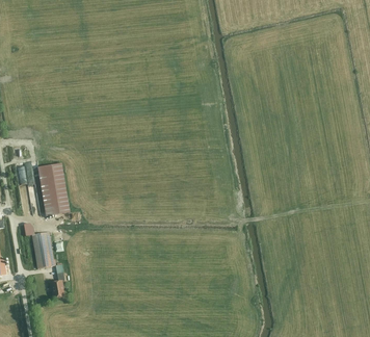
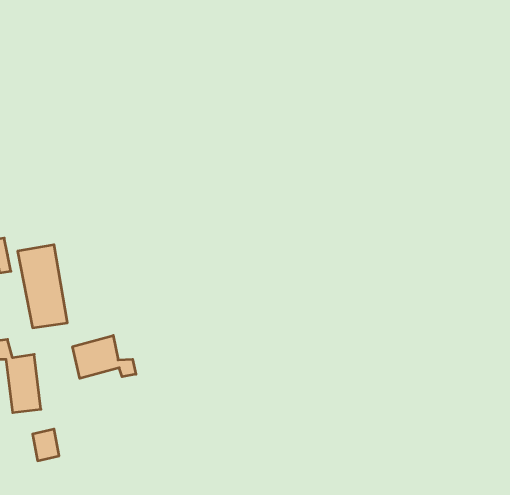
building: none -> [73,335,136,378]

